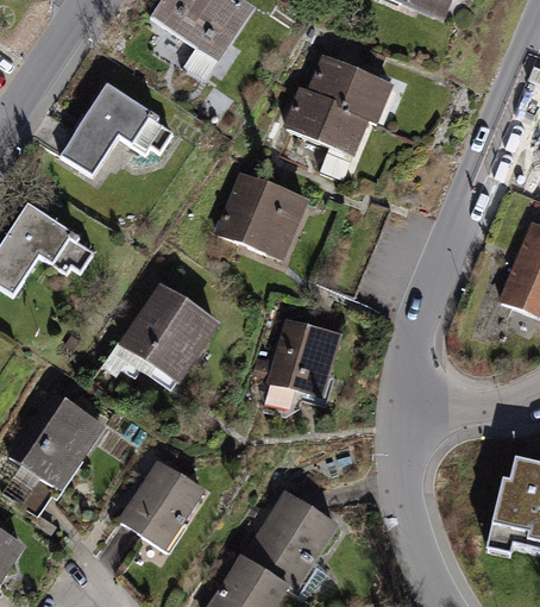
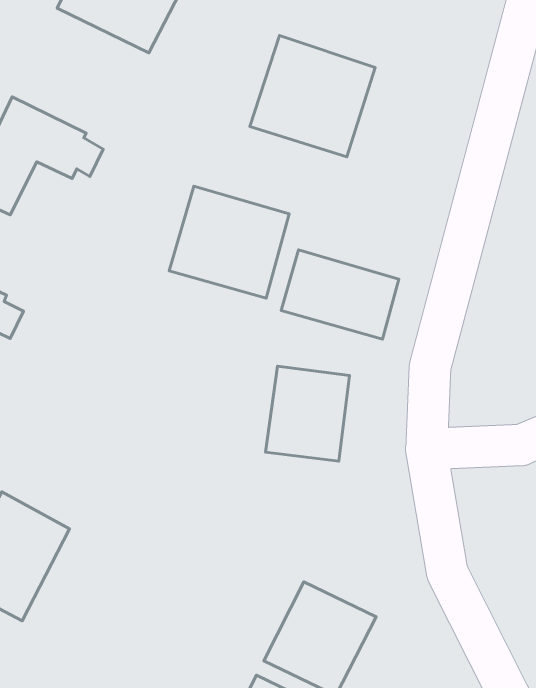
building: none -> [281,250,399,339]
building: [118,286,220,389] -> none
building: [117,461,209,555] -> none

